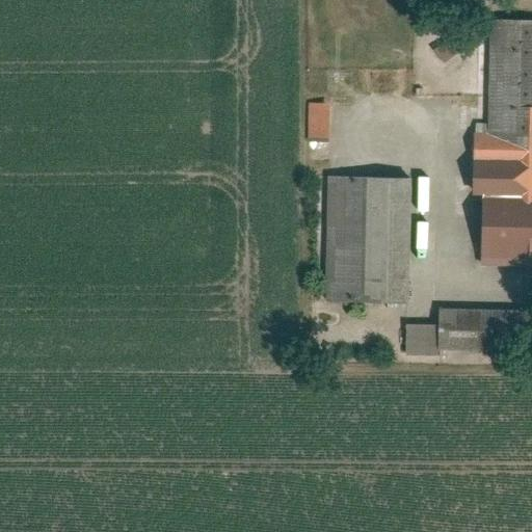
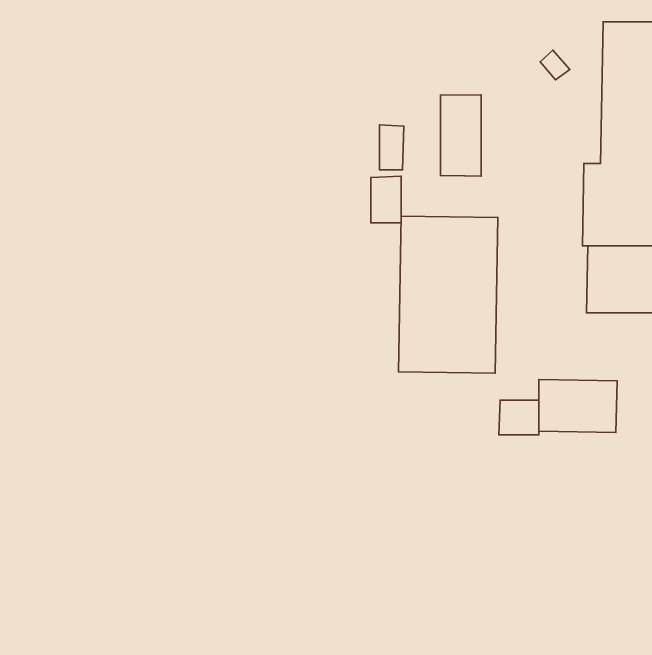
building: none -> [440,95,481,176]
building: none -> [371,176,401,223]

